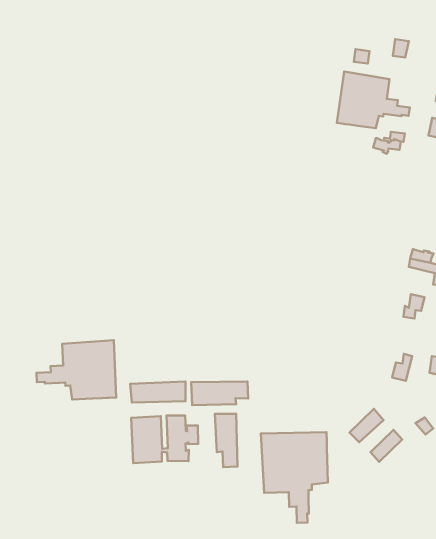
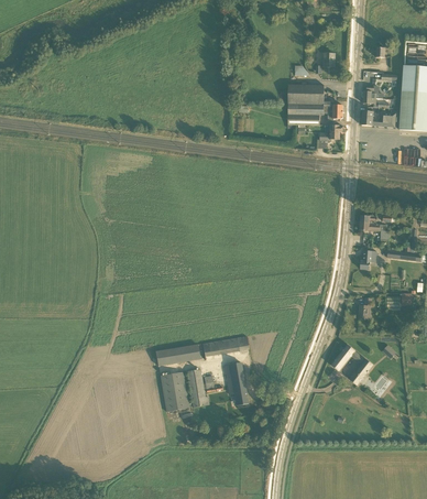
building: [37,340,116,399] -> none
building: [261,432,328,523] -> none

